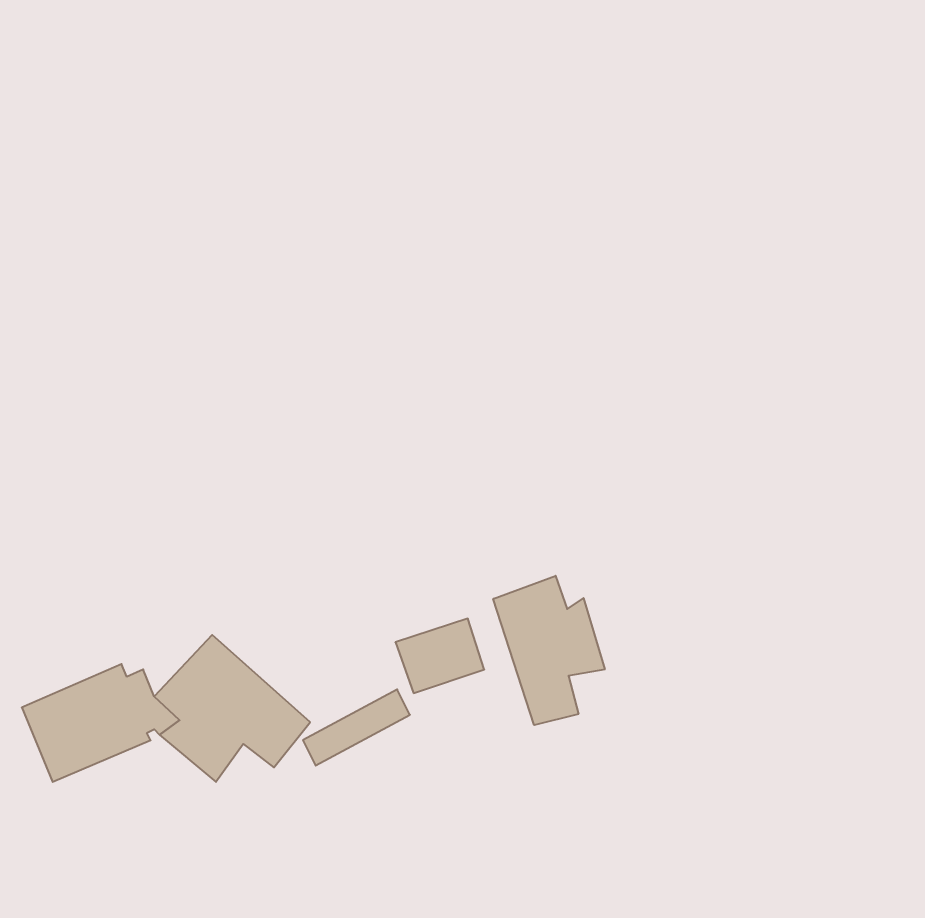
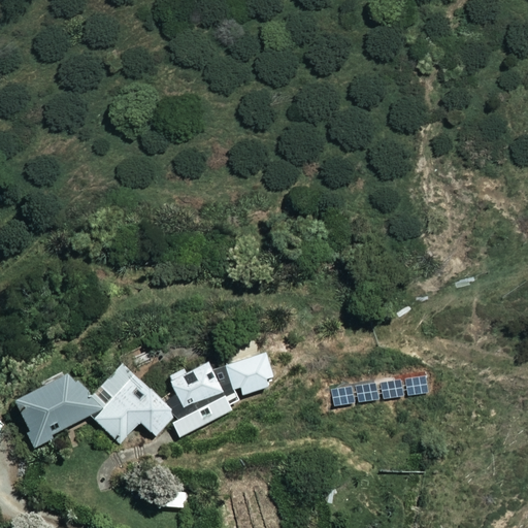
building: [493,576,605,725] -> none
building: none -> [168,359,224,407]

